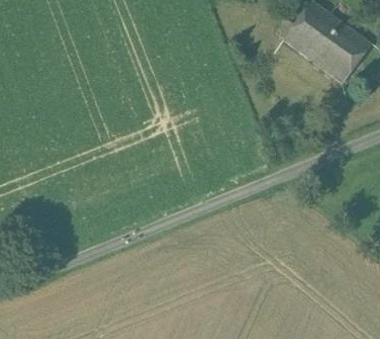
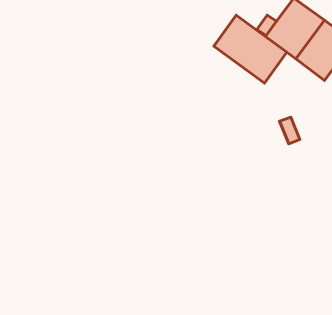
building: none -> [214,15,287,83]

